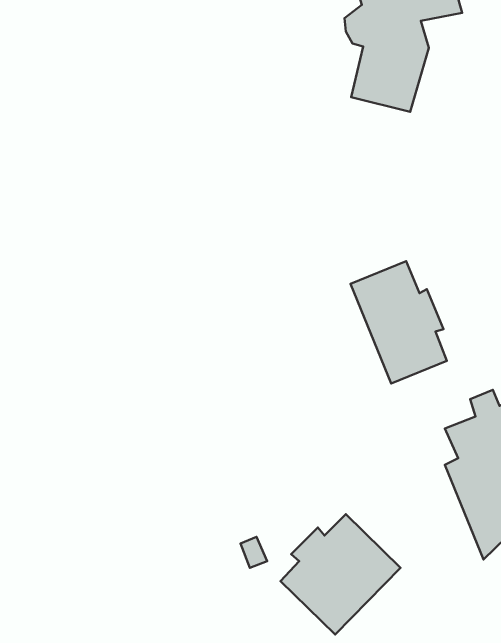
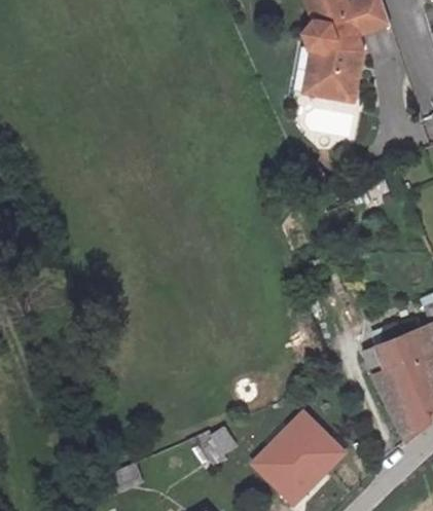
building: [350,261,447,383] -> none

